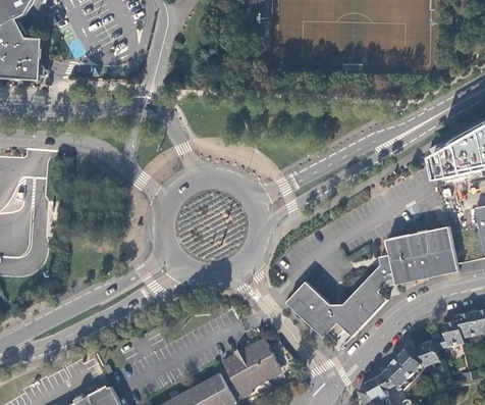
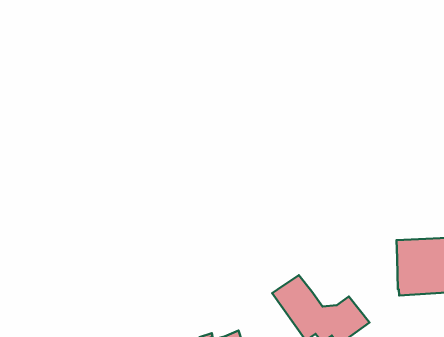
building: [353,252,393,311] -> none

